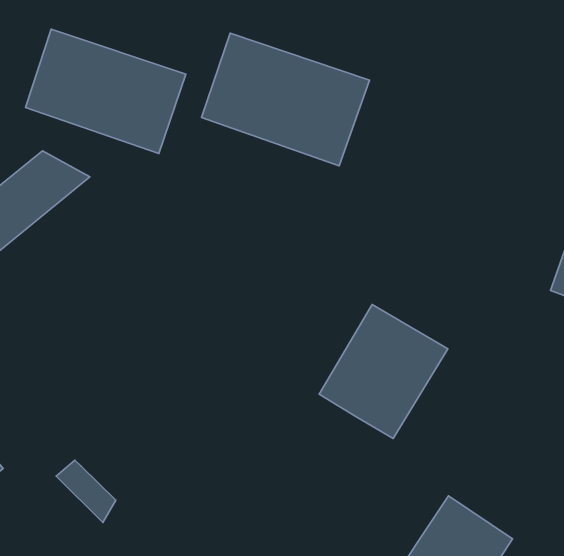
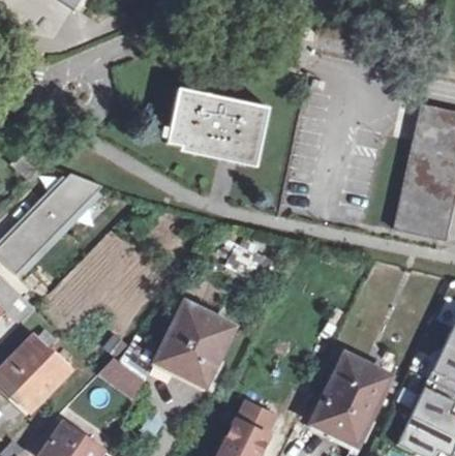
building: [26,29,186,153] -> none
building: [319,304,448,438] -> [156,303,232,384]

